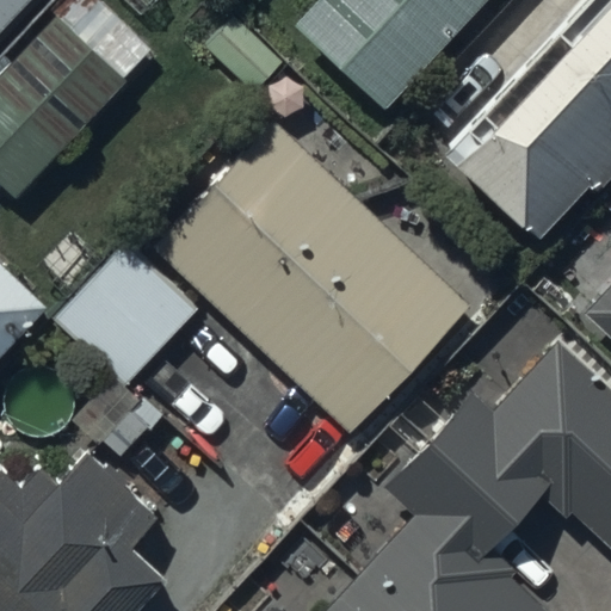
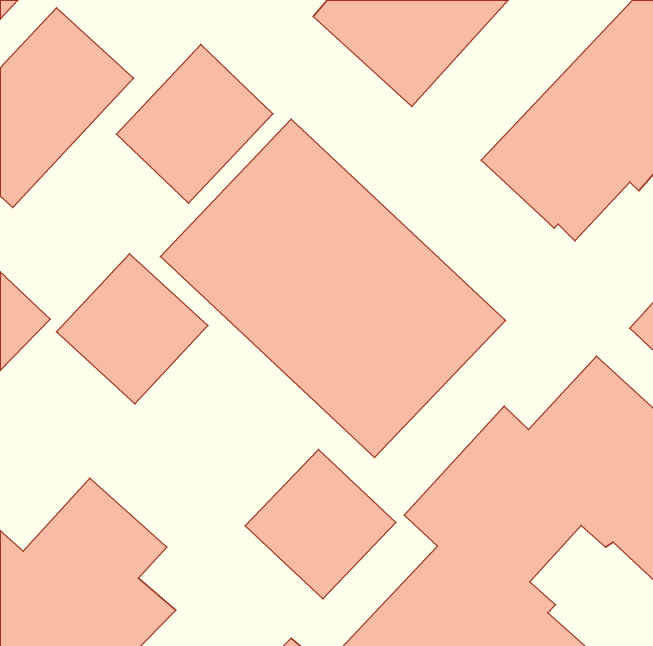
building: none -> [116,45,273,203]
building: none -> [245,450,396,599]

